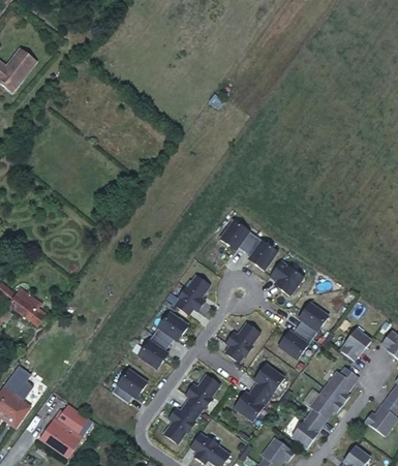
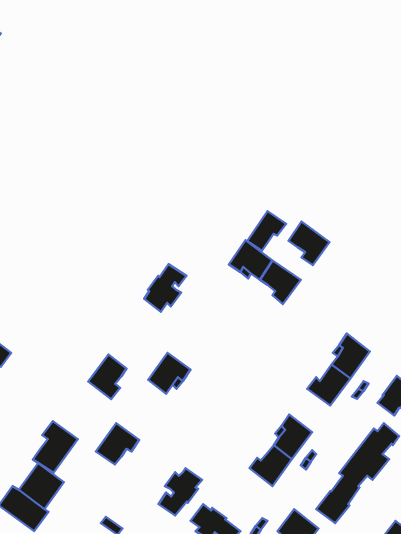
building: none -> [247,211,286,251]
building: [270,262,303,298] -> [289,221,330,265]
building: [176,276,210,314] -> [144,264,186,312]
building: [225,324,261,364] -> none
building: [139,333,170,369] -> [88,354,127,399]
building: none -> [33,421,78,473]
building: [185,375,220,413] -> none

